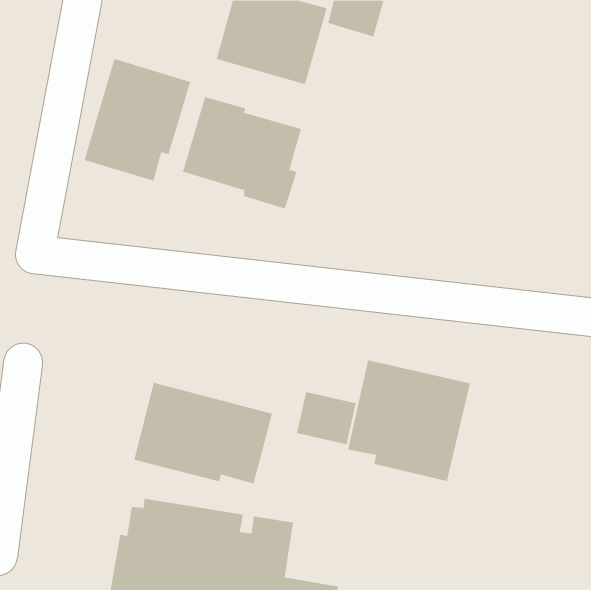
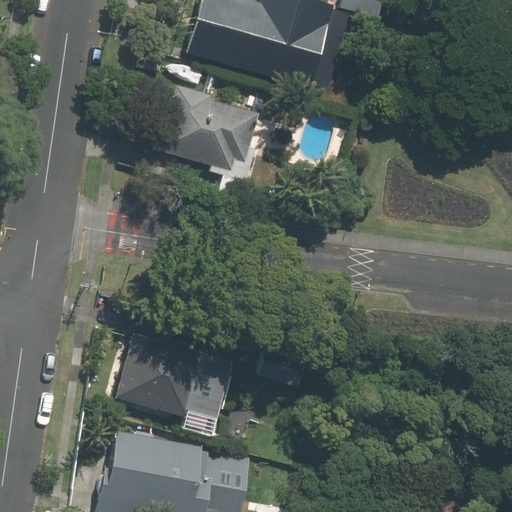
building: [84,58,191,181] -> none
building: [347,359,470,482] -> none

